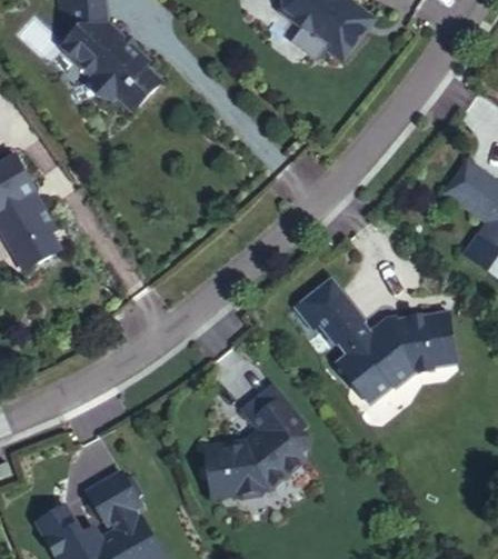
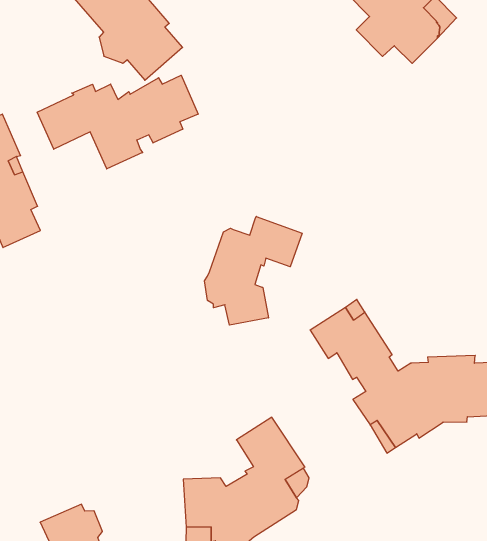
building: none -> [37,75,198,169]
building: none -> [204,216,302,325]

